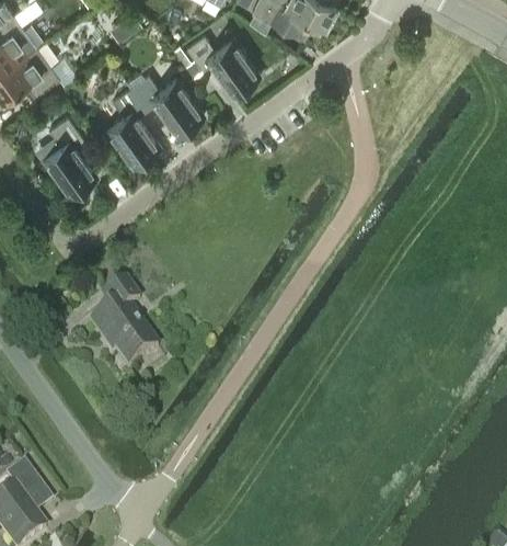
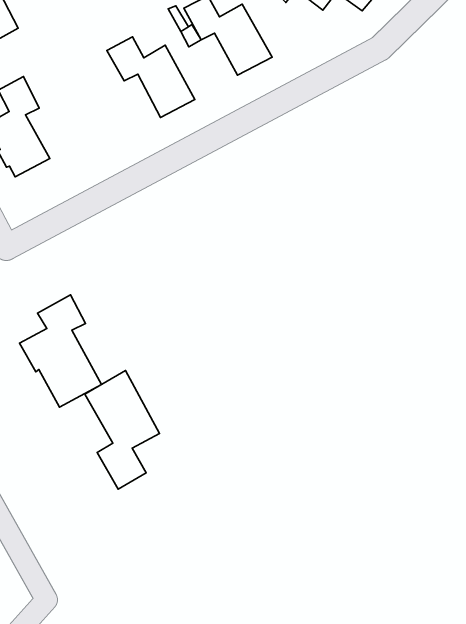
building: [107,87,160,164] -> none
building: none -> [85,371,159,489]

